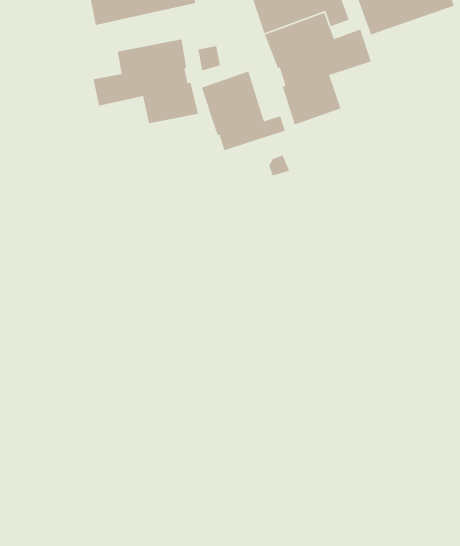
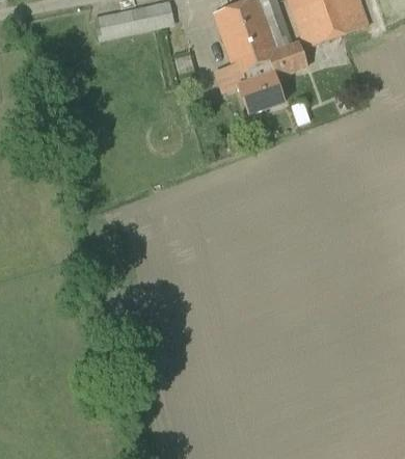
building: [93,38,199,124] -> none
building: [201,71,286,151] -> none

